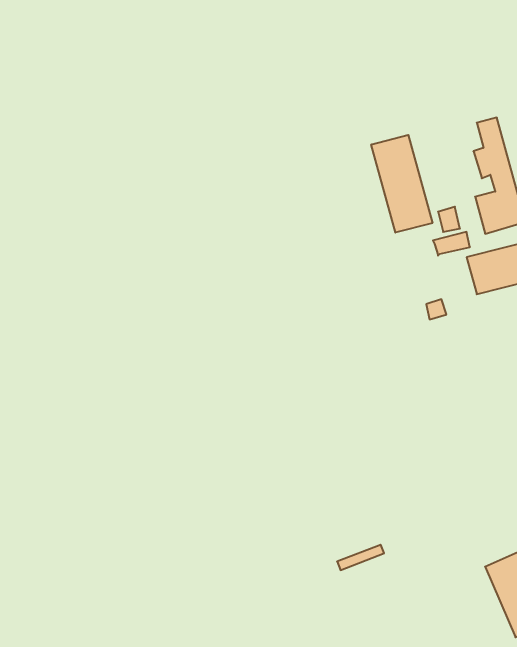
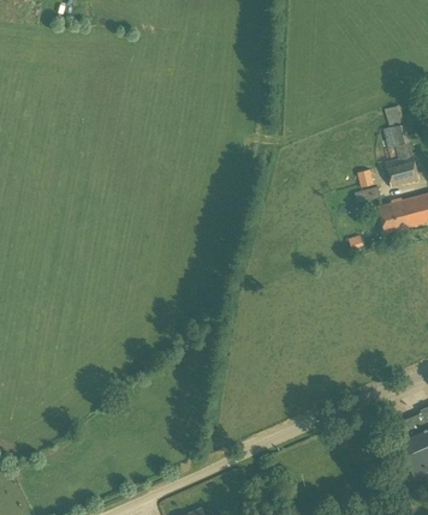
building: [371,135,432,233] -> none

